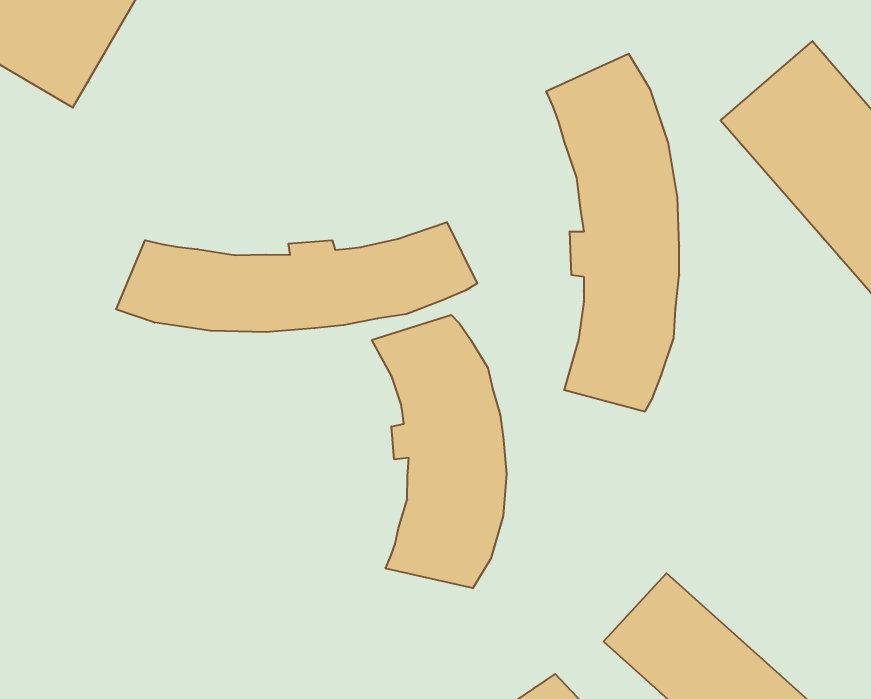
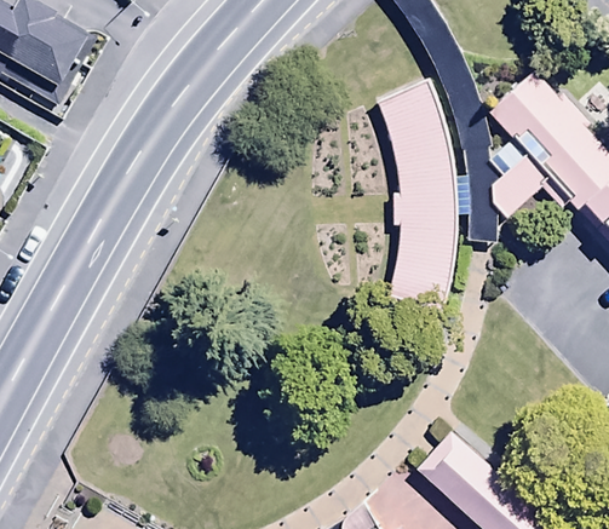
building: [116,222,477,332] -> none
building: [372,315,507,588] -> none

